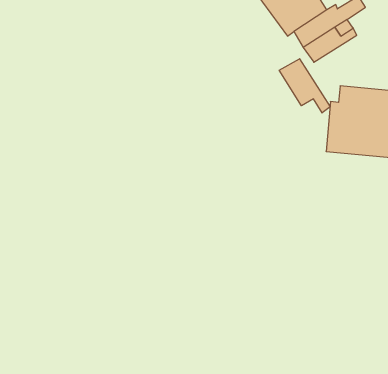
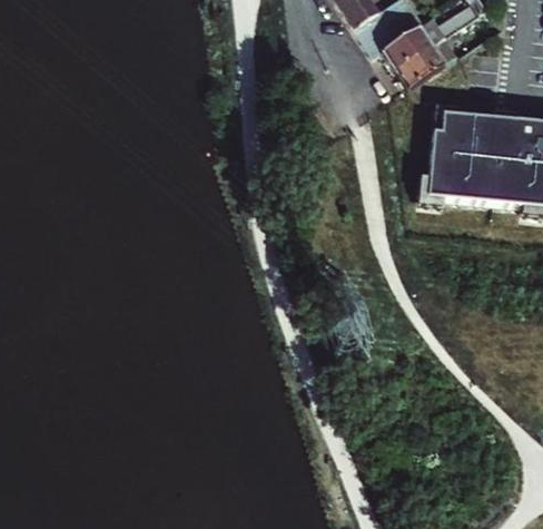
building: [279,59,330,113] -> none

